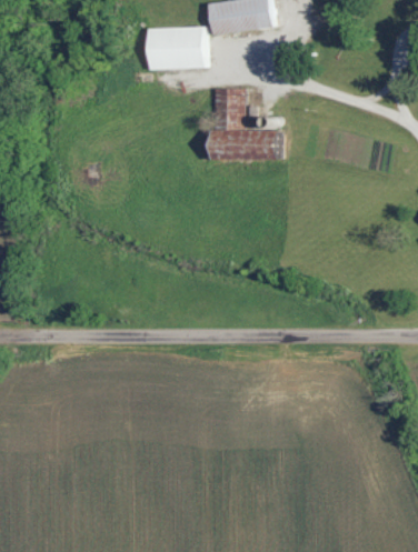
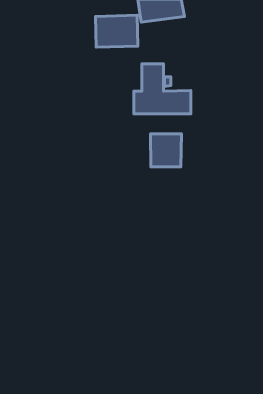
building: none -> [151,134,181,167]

